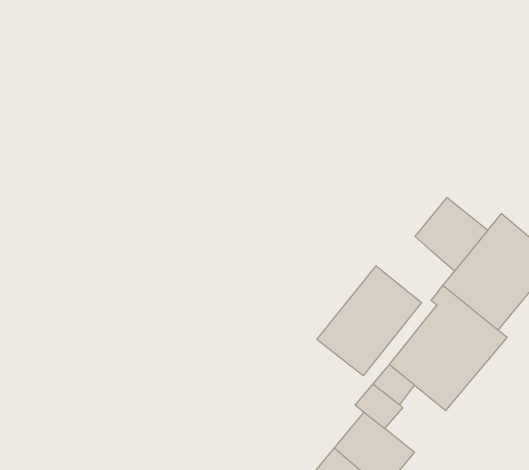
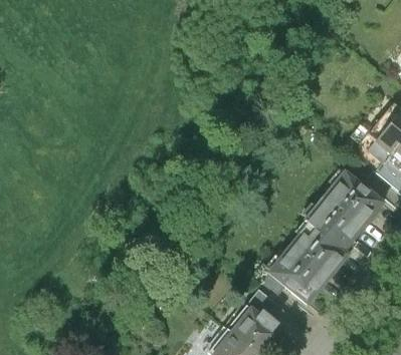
building: [415,197,488,271] -> none
building: [317,266,422,376] -> none

